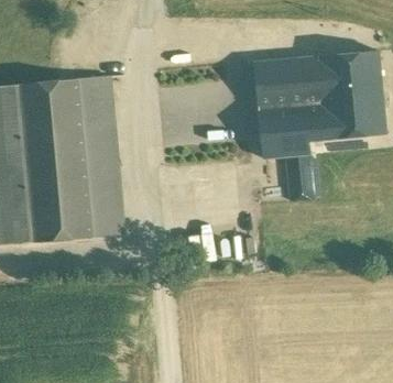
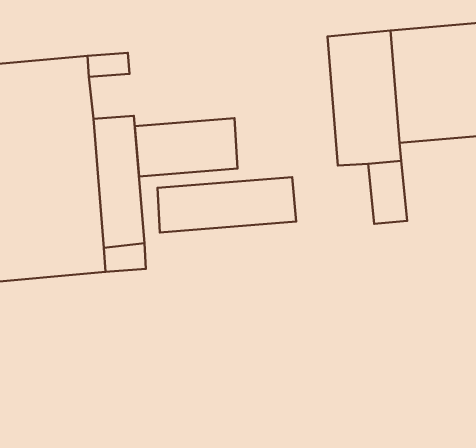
building: [80,91,113,124] -> none
building: none -> [135,118,238,176]
building: none -> [157,177,296,232]

